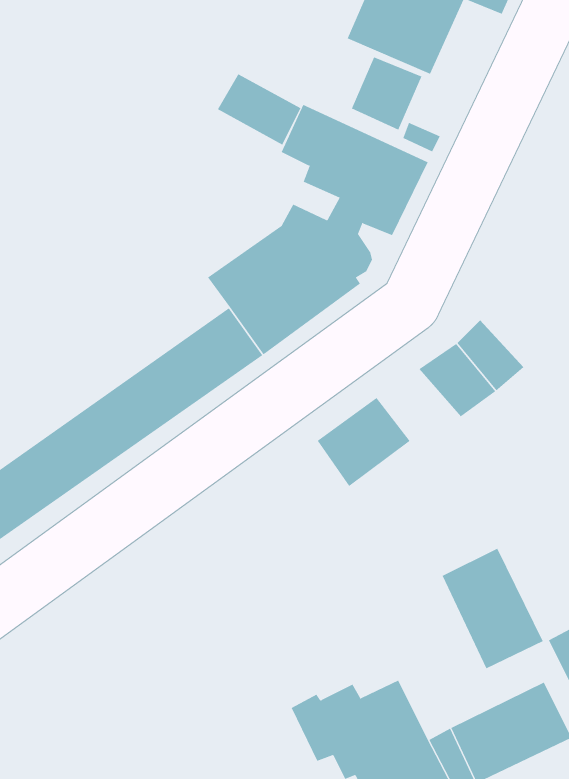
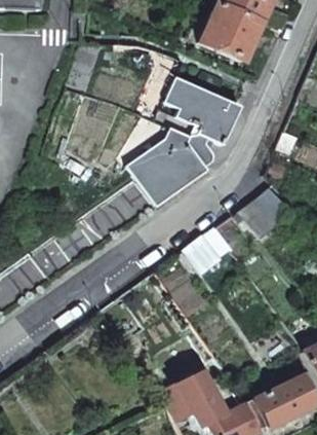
building: [351,57,422,130] -> none
building: [217,74,301,146] -> none
building: [442,548,544,669] -> none

